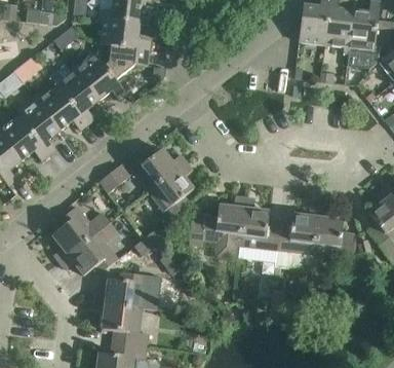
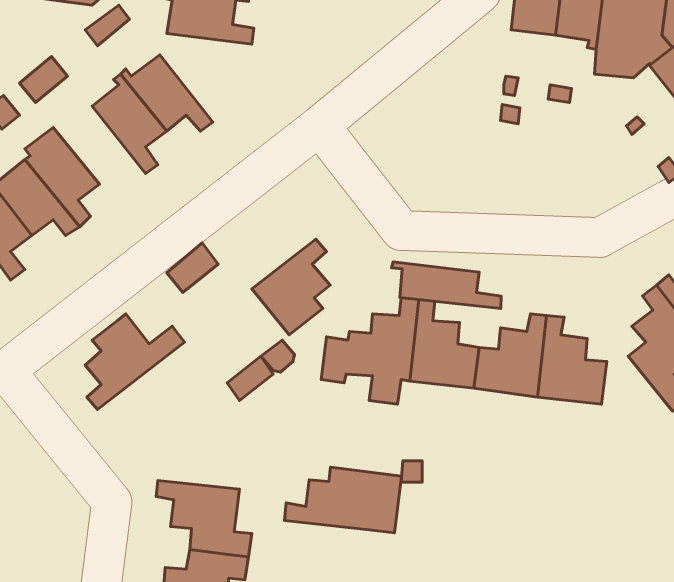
building: [95,42,149,79] -> none
building: [34,84,87,130] -> none
building: [128,148,186,190] -> none
building: none -> [392,262,501,309]
building: [60,221,118,273] -> none
building: [94,270,162,308] -> [284,467,402,533]

